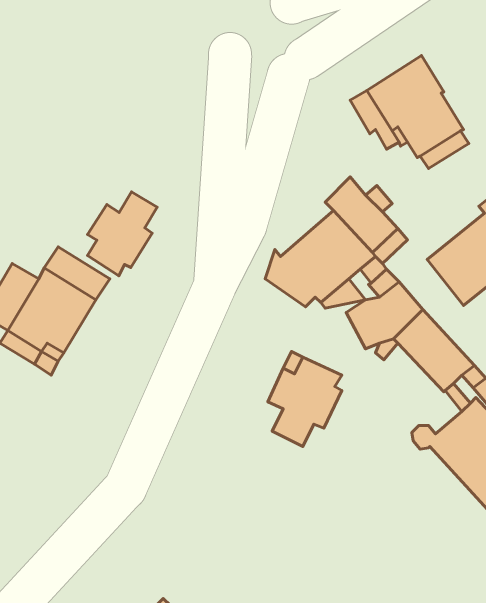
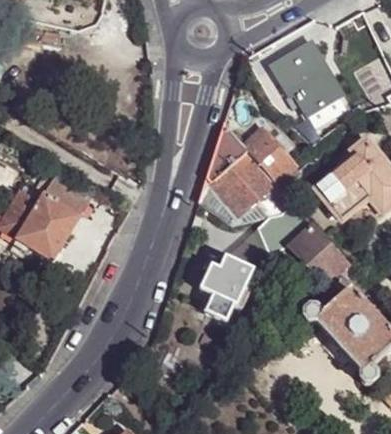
building: none -> [206,124,248,184]
building: [88,192,157,276] -> none

